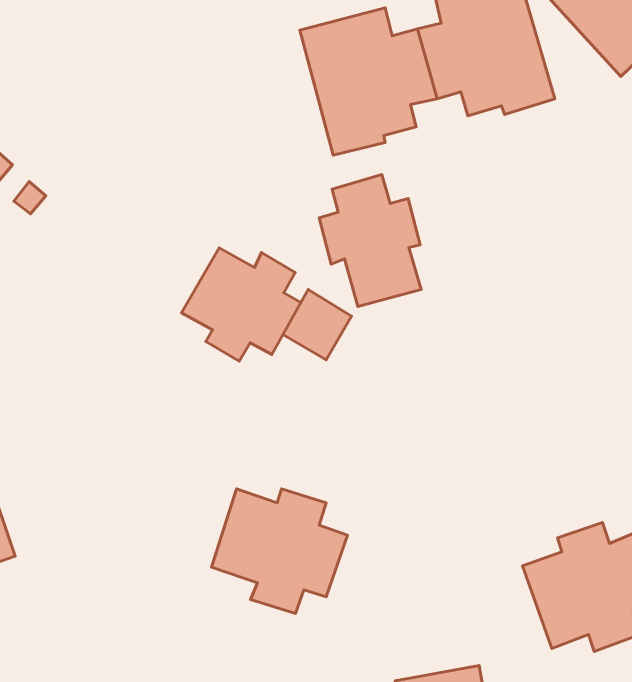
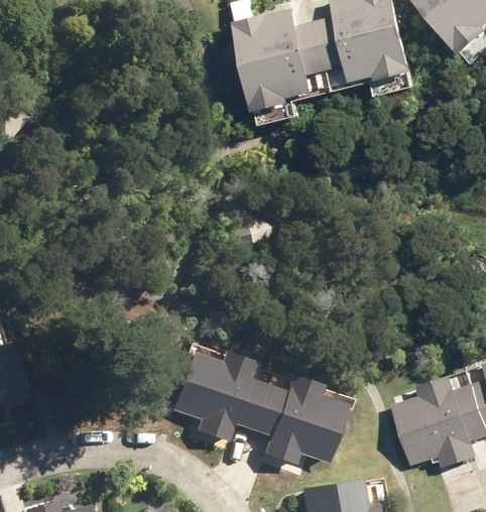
building: [319,174,421,306] -> none
building: [181,248,301,361] -> none
building: none -> [251,374,345,464]

